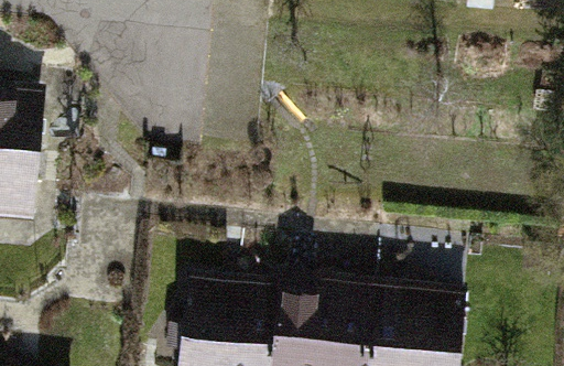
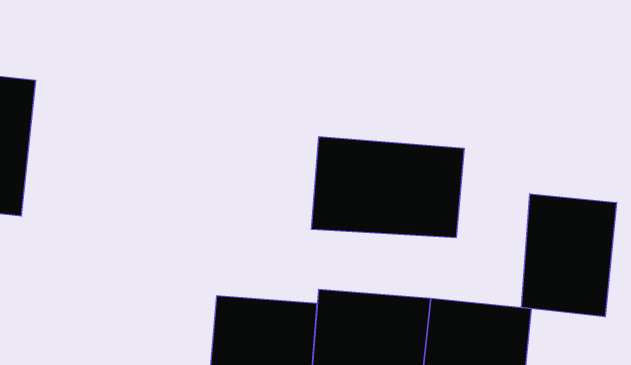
building: none -> [311,137,464,238]
building: none -> [521,194,617,317]

